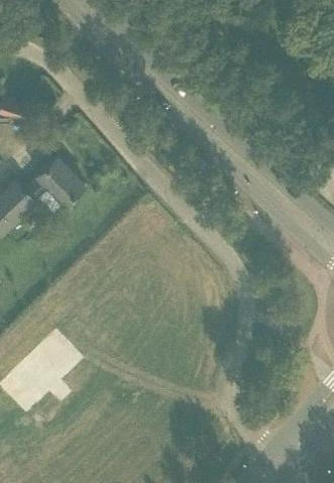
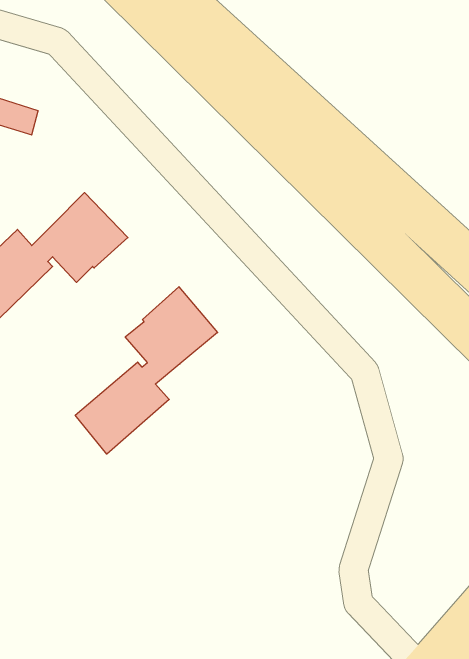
building: none -> [75,287,218,454]

